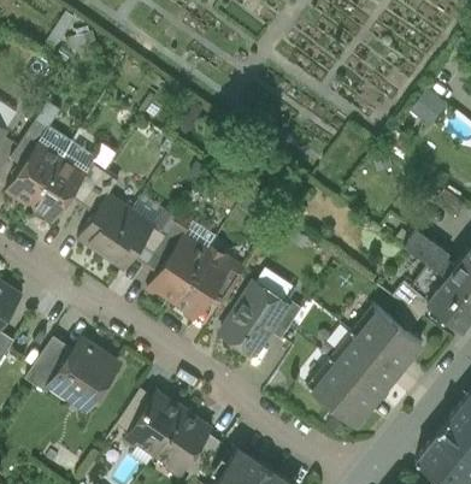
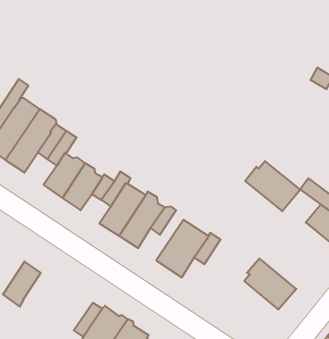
building: [353,308,423,372] -> [245,161,300,211]
building: [52,342,118,411] -> none
building: [311,360,377,426] -> none

